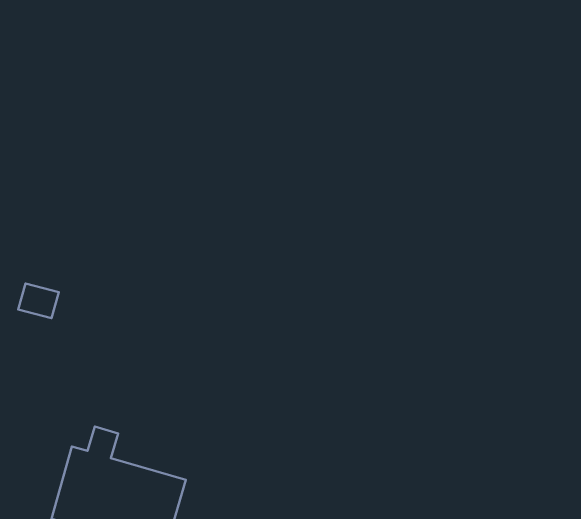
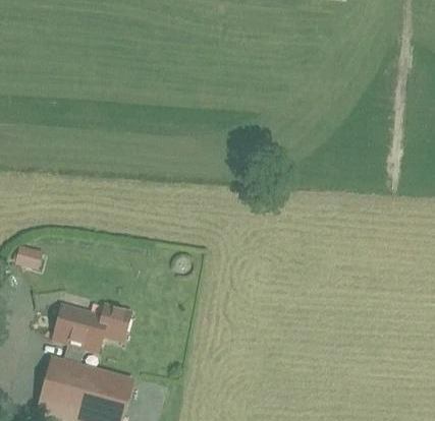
building: none -> [53,303,131,351]

